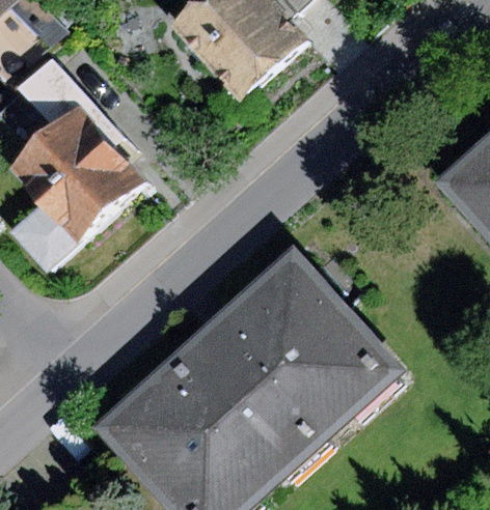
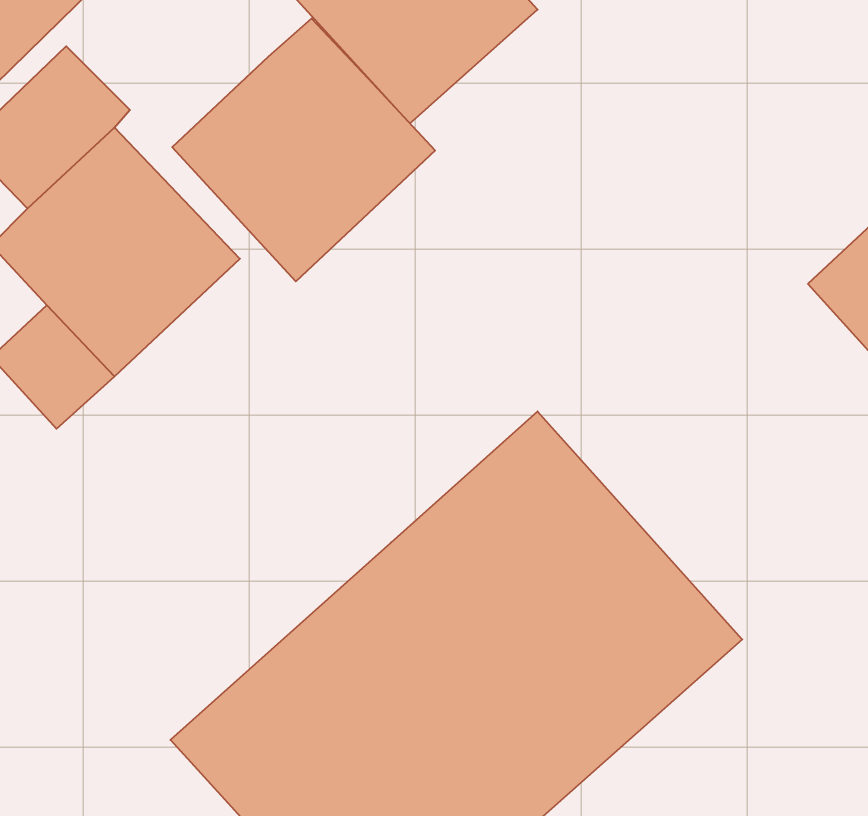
building: none -> [172,18,435,281]

